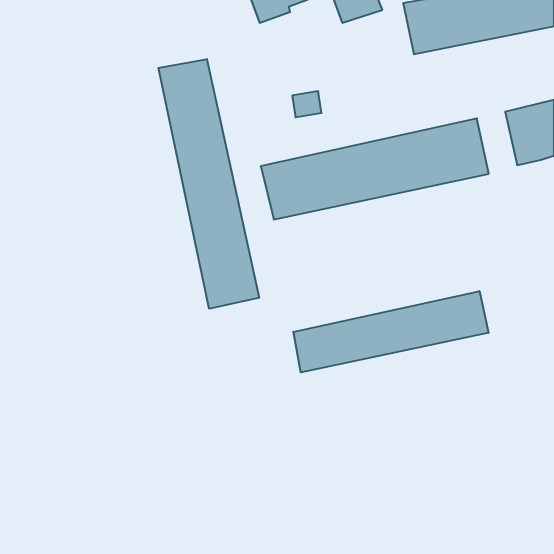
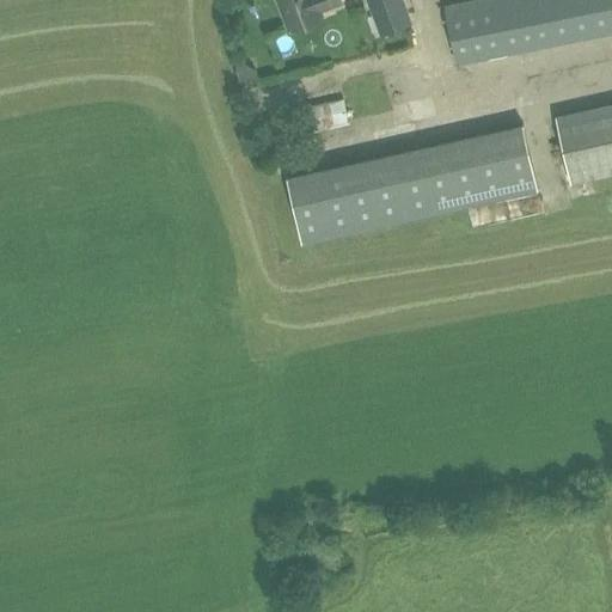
building: [158,59,259,309] -> none
building: [293,291,488,372] -> none

